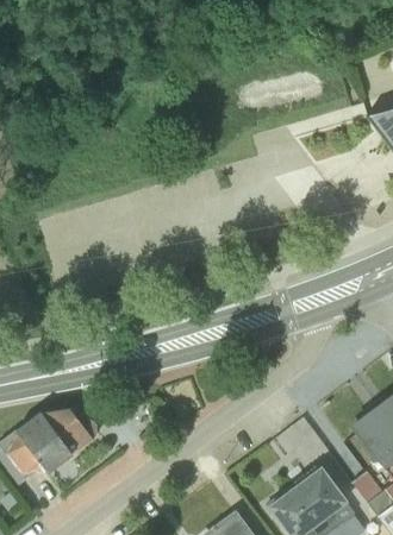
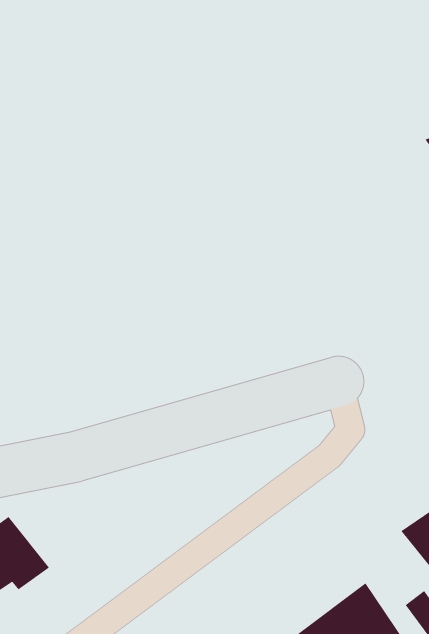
building: [40,408,98,454] -> none

